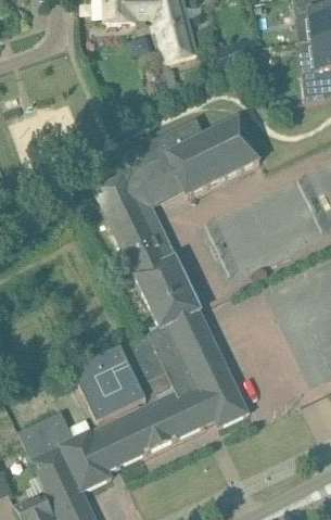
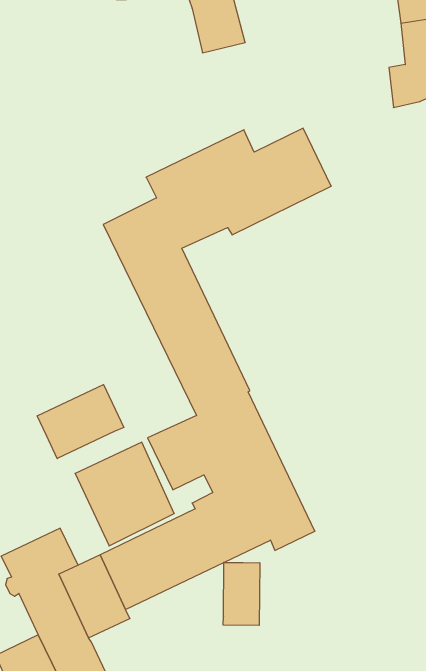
building: none -> [37,385,124,459]
building: none -> [223,562,260,625]

